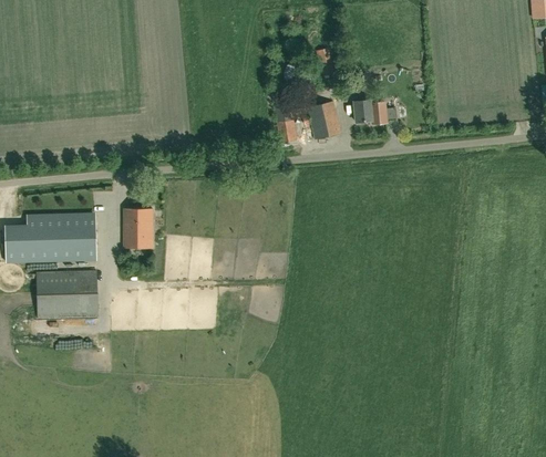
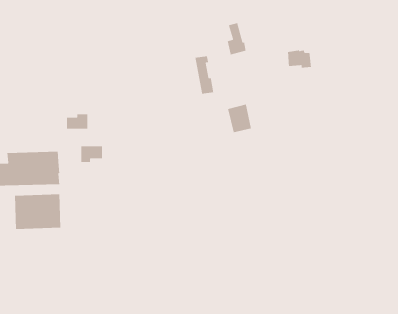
building: [354,98,387,123] -> [287,50,312,68]
building: [309,100,341,138] -> [227,103,252,133]
building: [123,226,152,247] -> [66,113,88,130]

